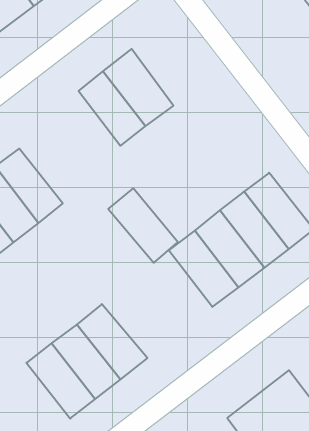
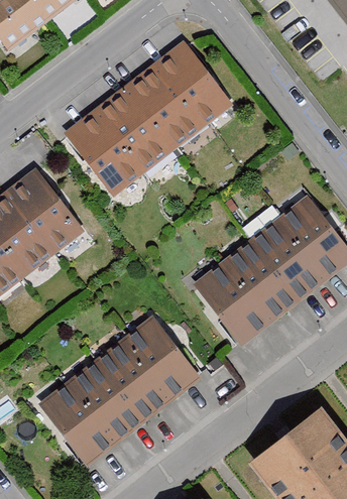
building: none -> [153,43,228,126]
building: none -> [64,110,141,194]
building: [108,188,178,263] -> [121,319,197,399]

